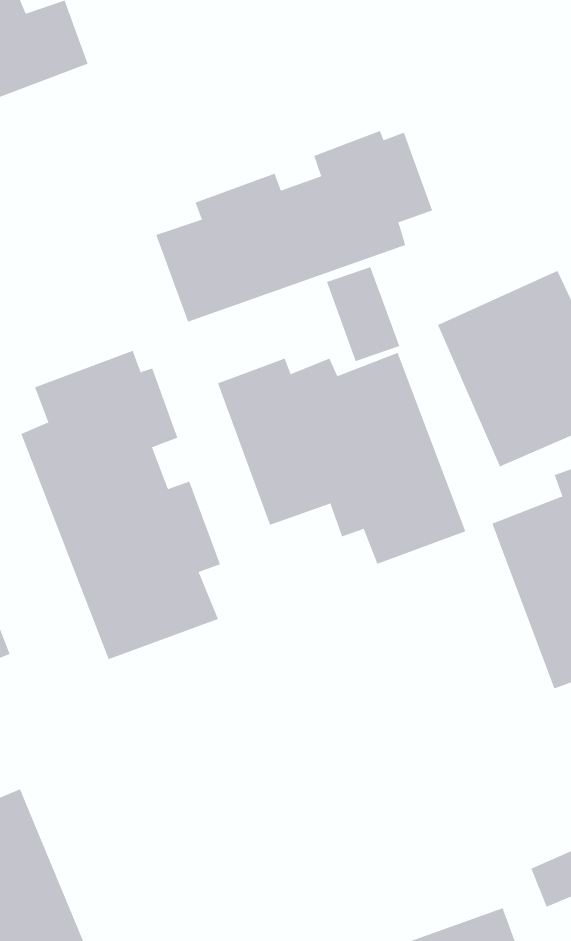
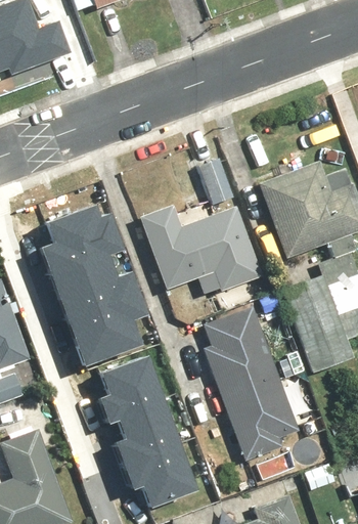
building: [155,130,433,323] -> none
building: none -> [202,308,300,465]
building: none -> [96,351,196,503]

